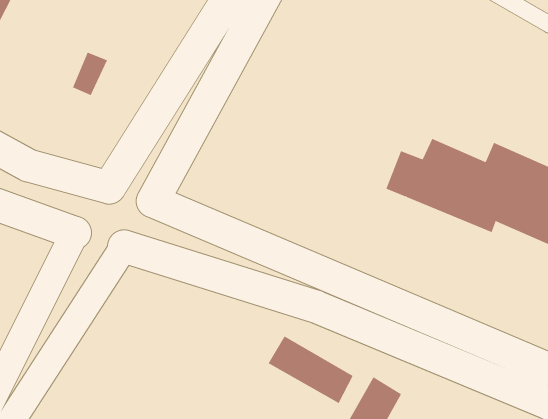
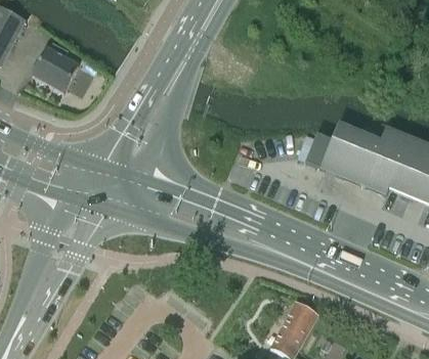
building: none -> [31,42,76,92]
building: [268,335,354,404] -> none

